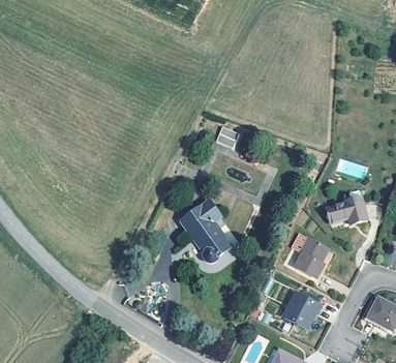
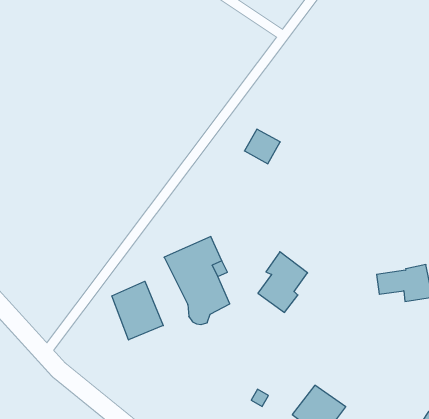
building: [294,237,326,278] -> [258,252,308,312]
building: none -> [112,281,163,340]

